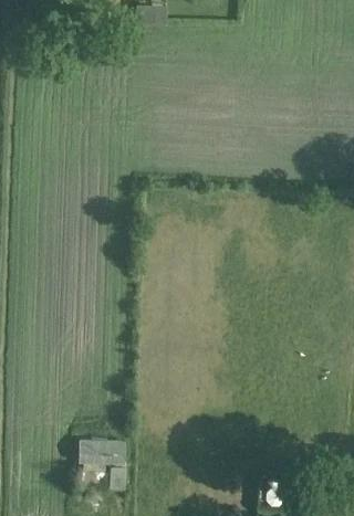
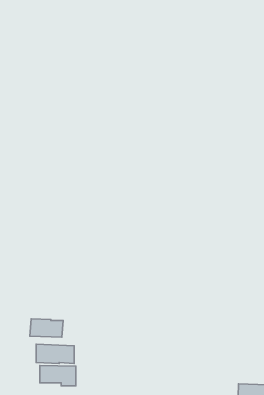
building: none -> [30,319,63,337]

